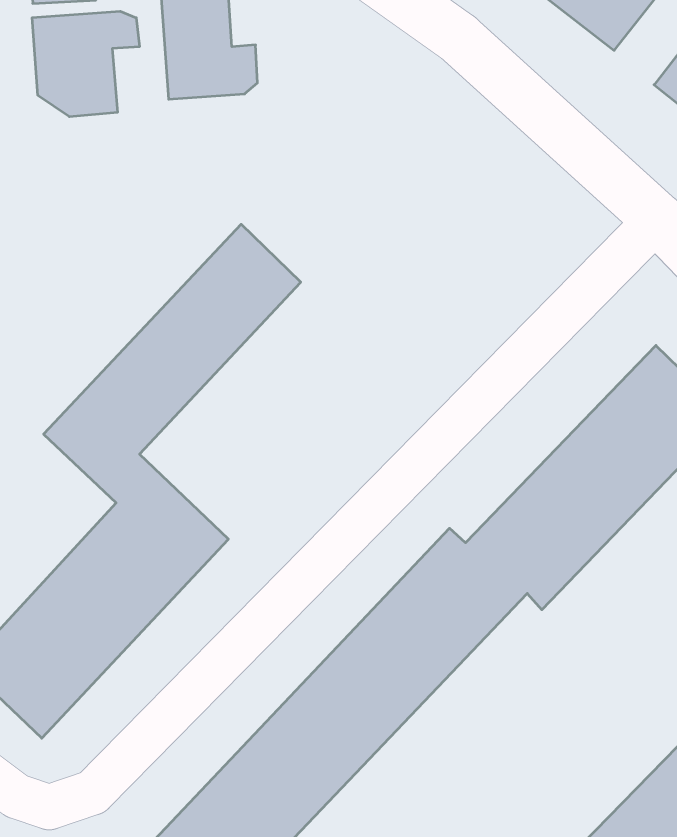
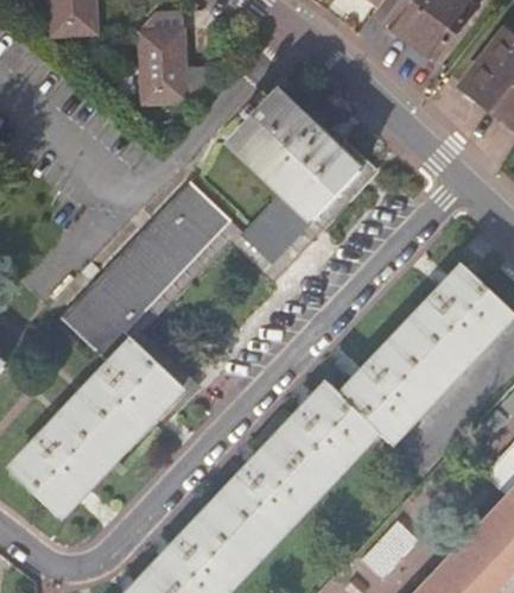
building: [32,11,139,117] -> none
building: none -> [227,88,357,260]

